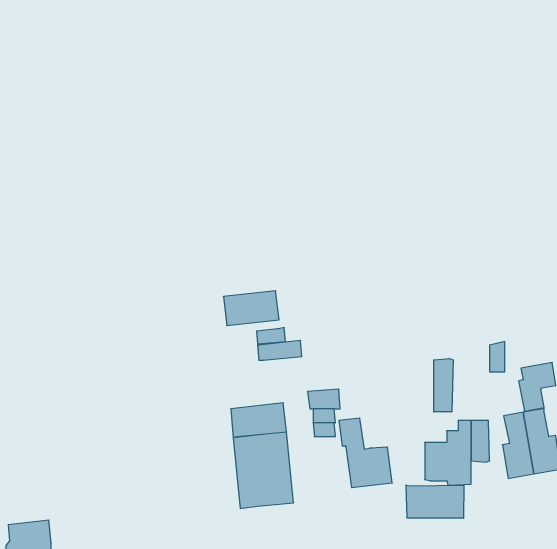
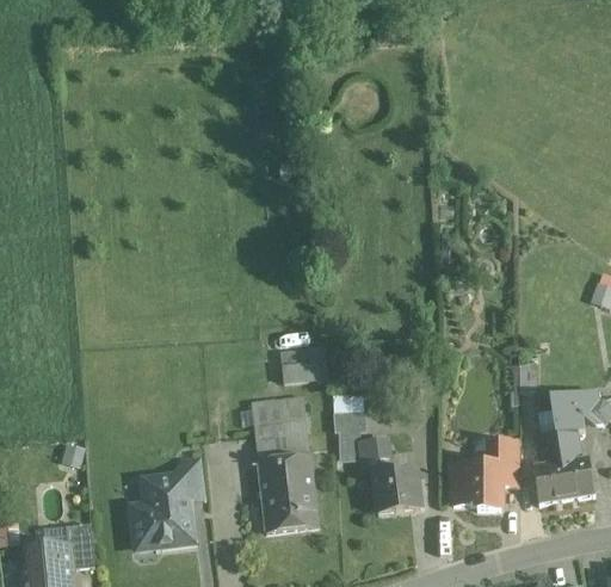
building: [223,291,279,326] -> [251,395,308,431]
building: [434,358,453,412] -> none
building: none -> [132,456,205,548]
building: [406,485,464,518] -> none
building: none -> [66,524,94,569]

